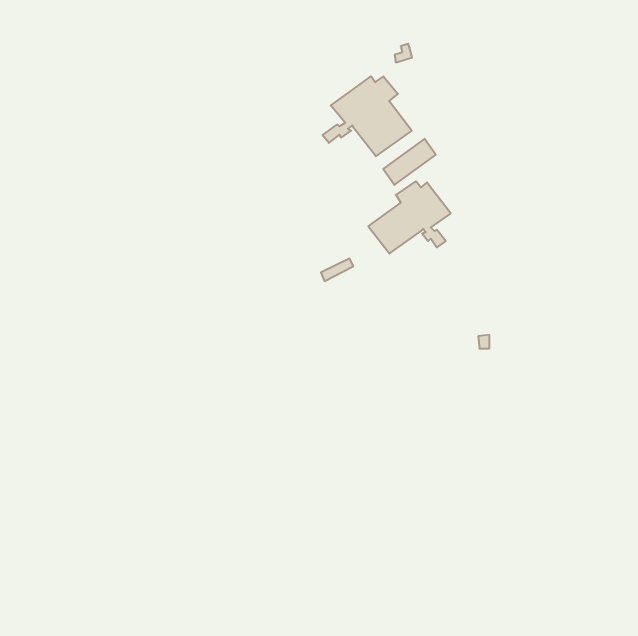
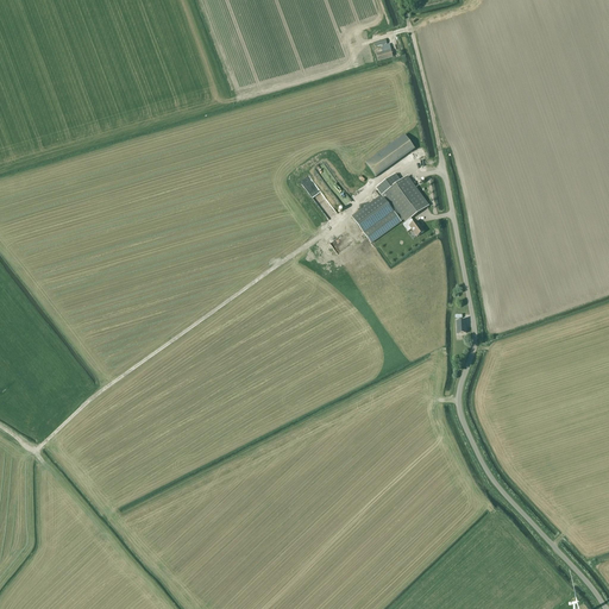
building: [323,76,412,156] -> none

